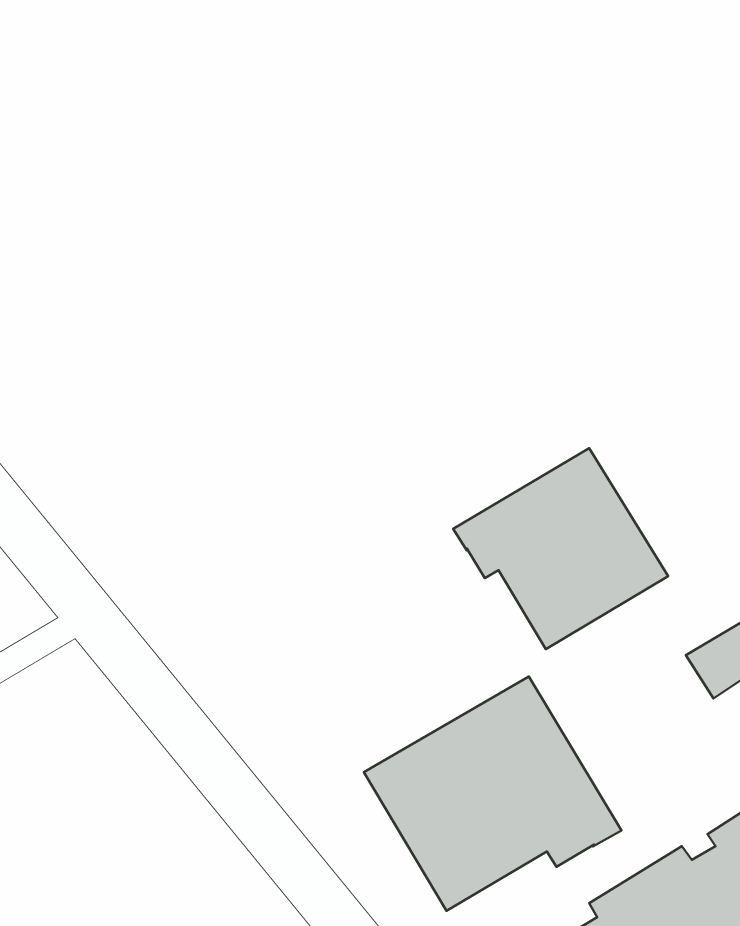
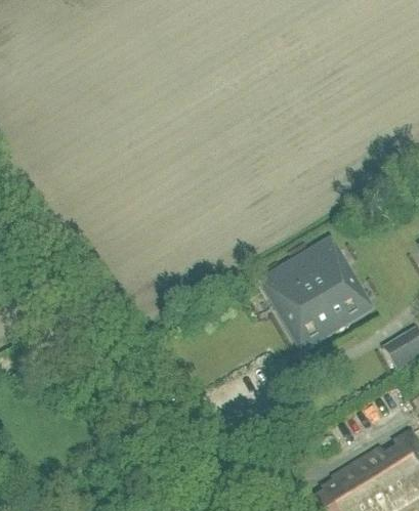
building: [364,676,621,911] -> none

